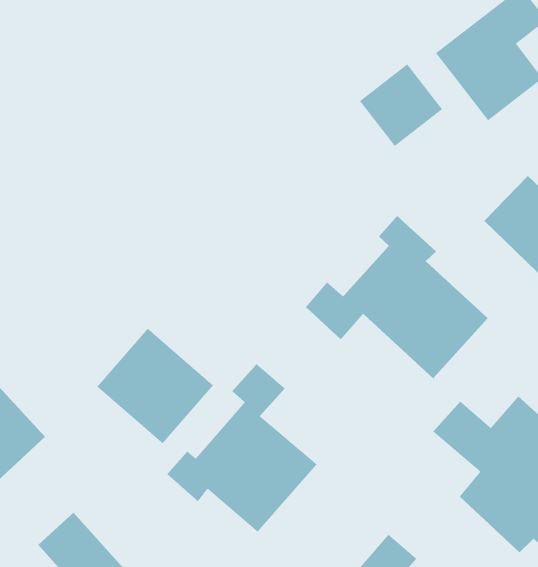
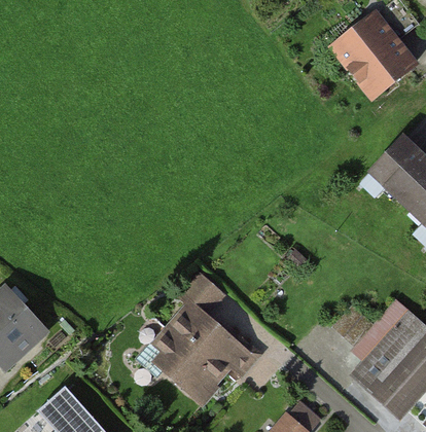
building: [359,63,443,147] -> none
building: [305,215,488,379] -> none
building: [97,328,214,444] -> none

